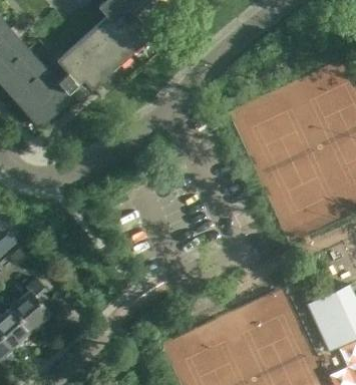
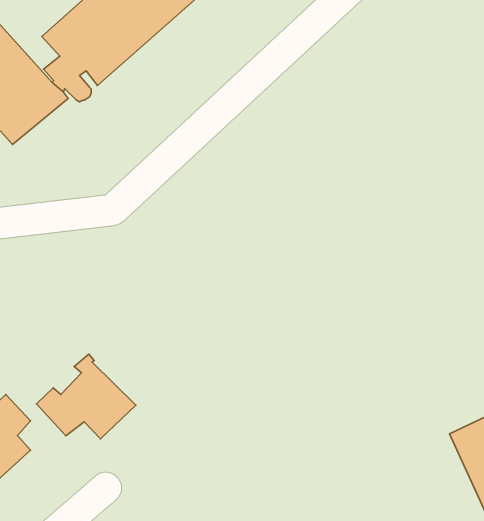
building: none -> [37,354,136,439]

